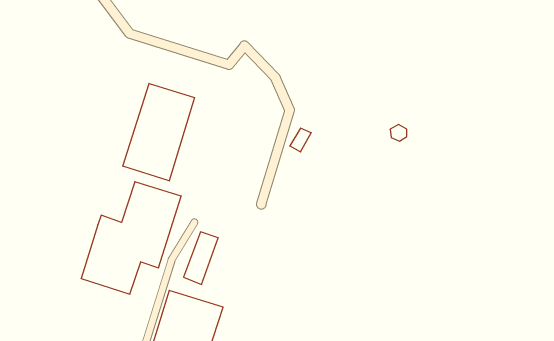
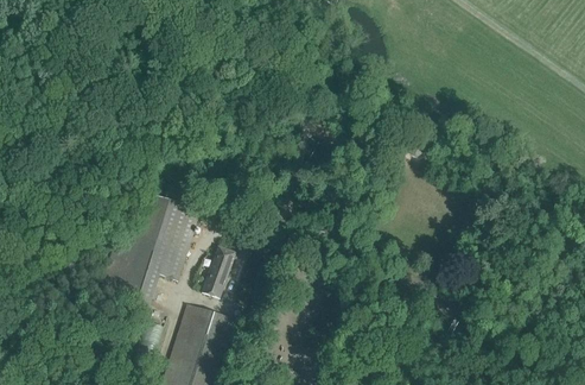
building: [123,83,195,181] -> none

